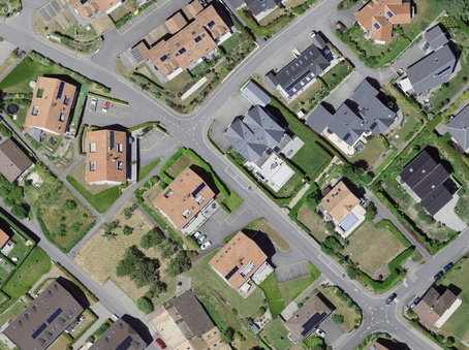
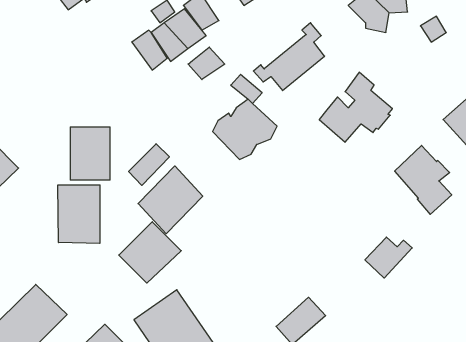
building: [405,44,456,93] -> none
building: none -> [188,47,225,80]
building: [26,78,76,137] -> none
building: [305,103,334,133] -> none
building: none -> [129,144,169,185]
building: [319,181,359,221] -> none
building: none -> [58,185,100,243]
building: [209,233,269,292] -> [119,222,181,283]
building: [411,286,457,325] -> [365,237,412,278]

